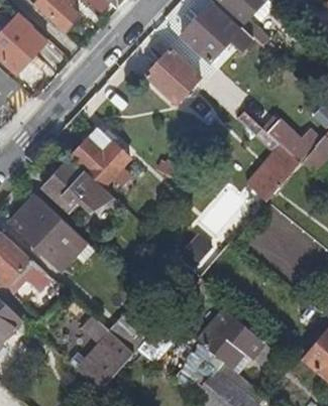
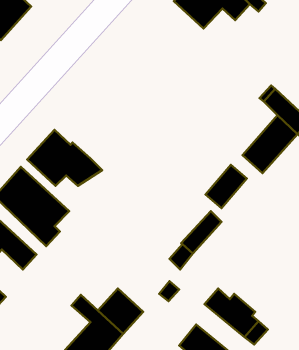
building: [144,49,199,103] -> none
building: [70,128,130,186] -> none

